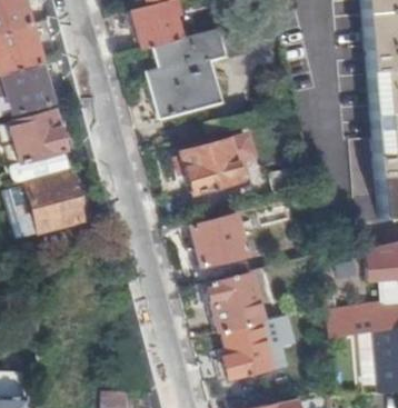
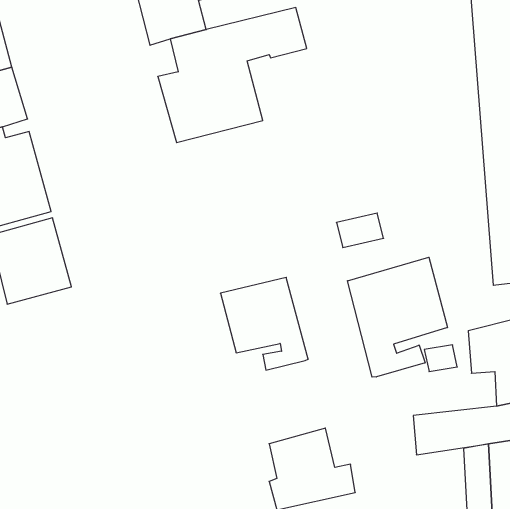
building: [181,140,240,193] -> none
building: none -> [347,257,447,377]
building: [206,272,266,332] -> none

